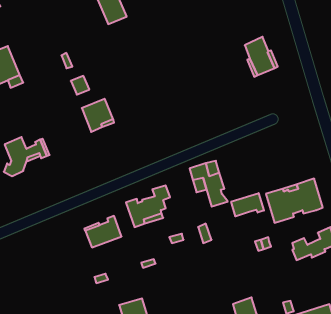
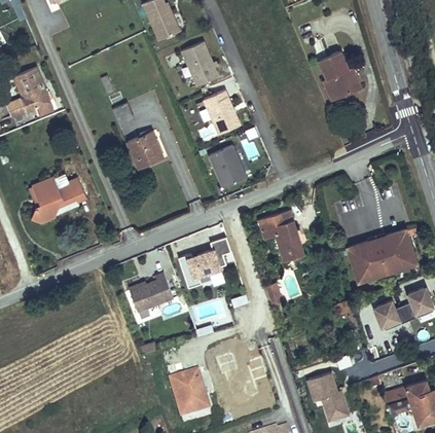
building: none -> [181,41,218,85]
building: none -> [203,89,240,134]
building: none -> [209,145,246,187]
building: [231,193,264,216] -> none

